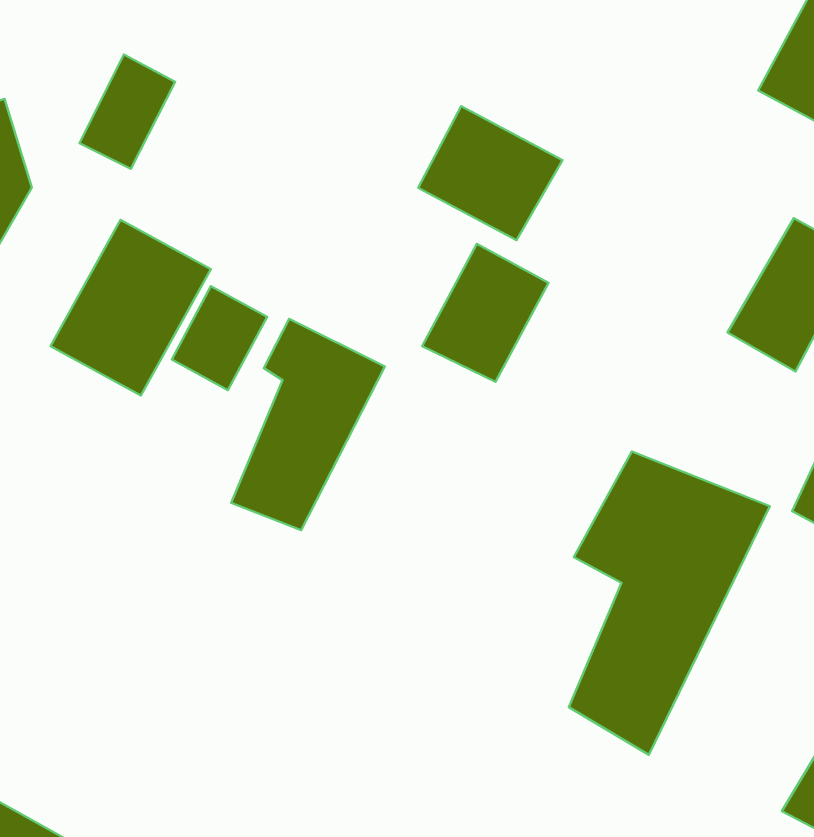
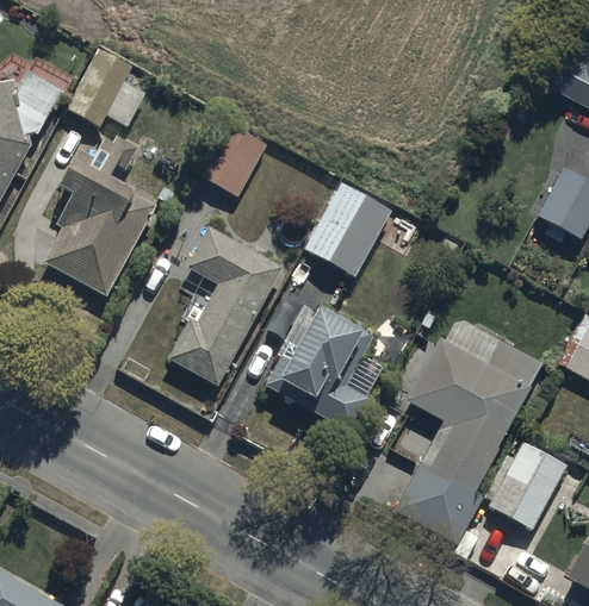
building: [418,106,563,240] -> none
building: [172,286,267,390] -> [199,126,266,199]
building: none -> [267,302,371,413]
building: none -> [486,442,569,533]

